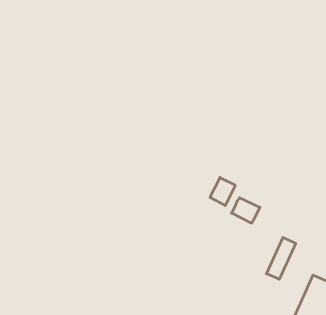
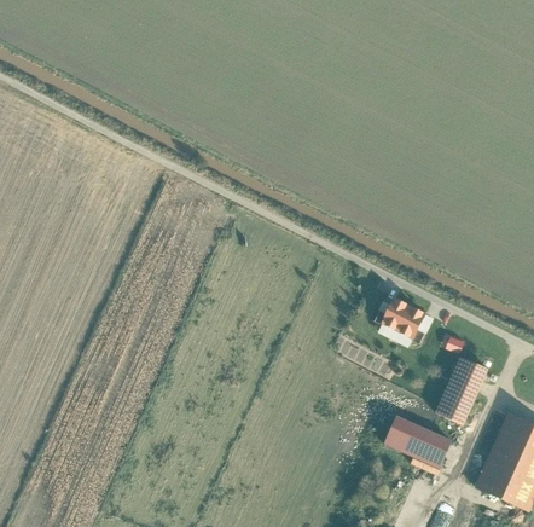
building: [210,177,235,206] -> none
building: none -> [384,413,455,467]

